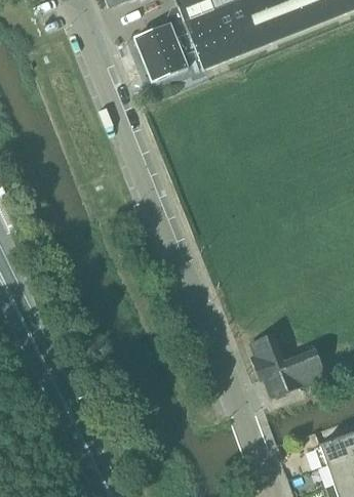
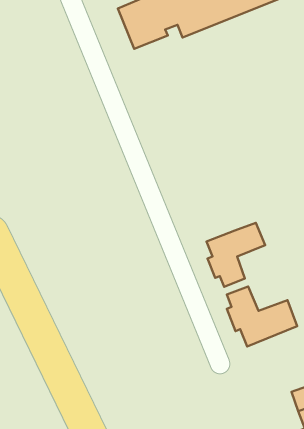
building: none -> [206,223,265,287]

